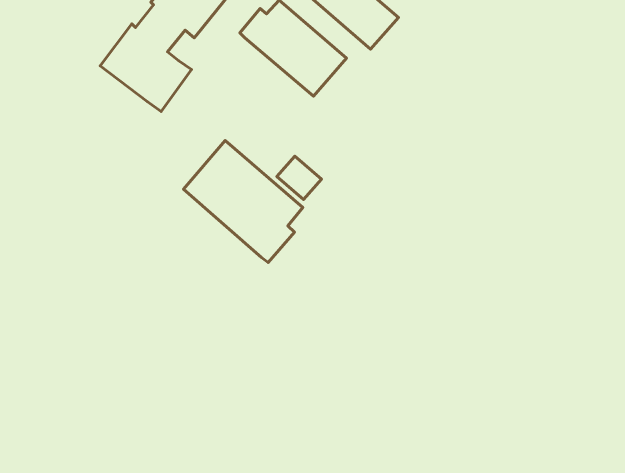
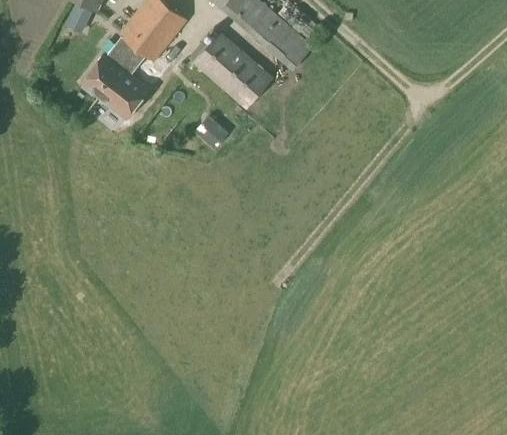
building: [183,141,303,262] -> none
building: [277,156,321,199] -> [194,114,229,148]

